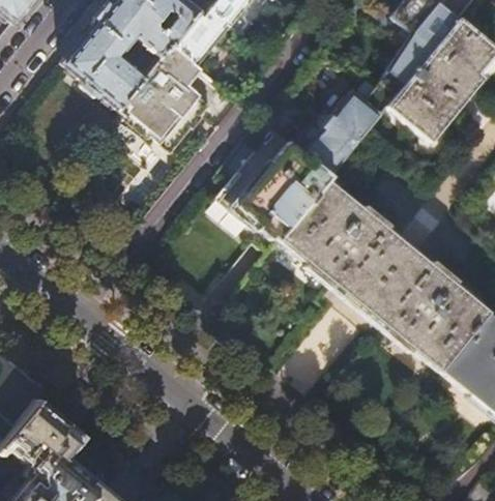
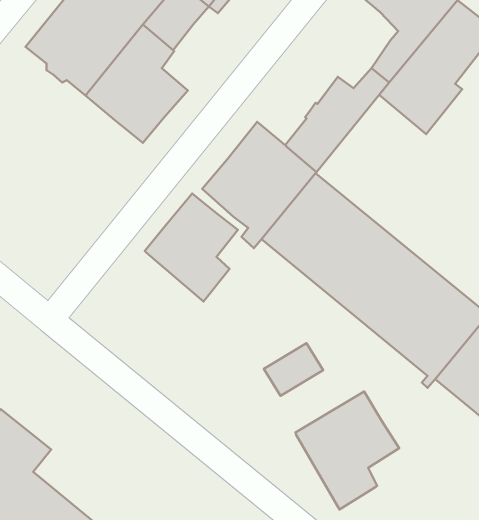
building: none -> [145,193,238,301]
building: none -> [295,392,399,509]

